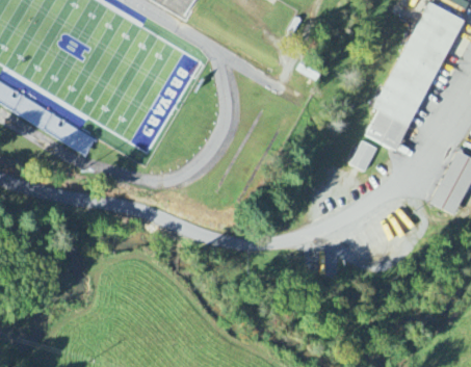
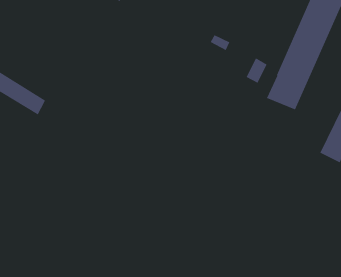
building: [350,138,376,169] -> [246,58,267,83]

